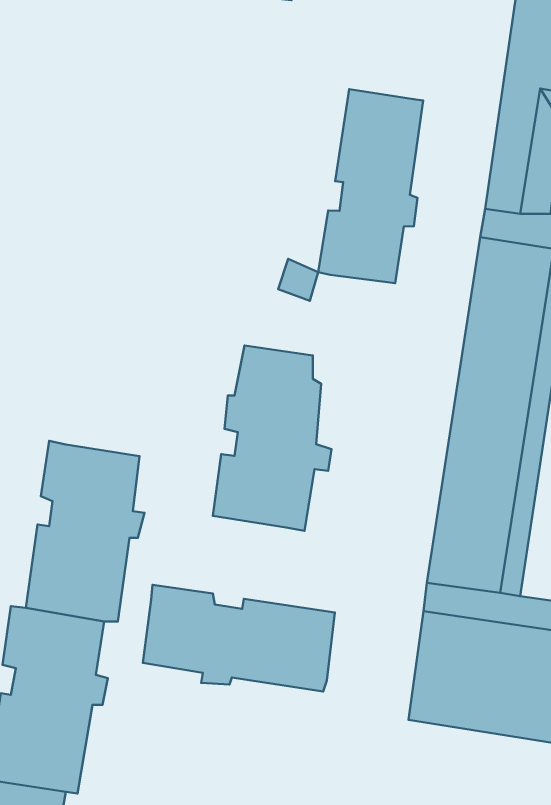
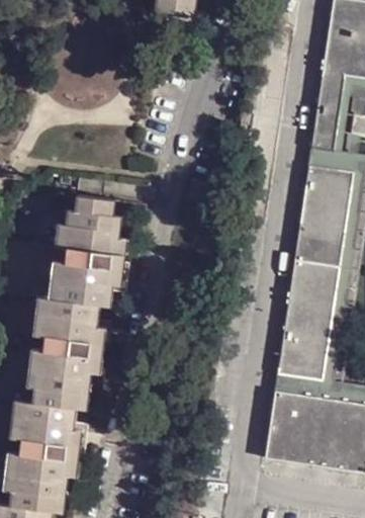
building: [318,89,423,283] -> none
building: [213,345,331,531] -> [57,187,128,299]
building: [143,585,335,691] -> none

